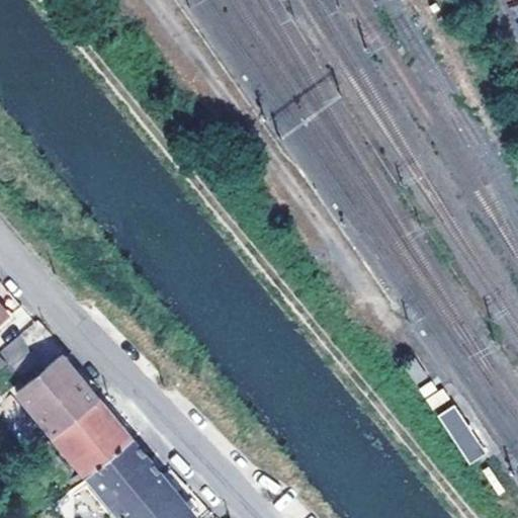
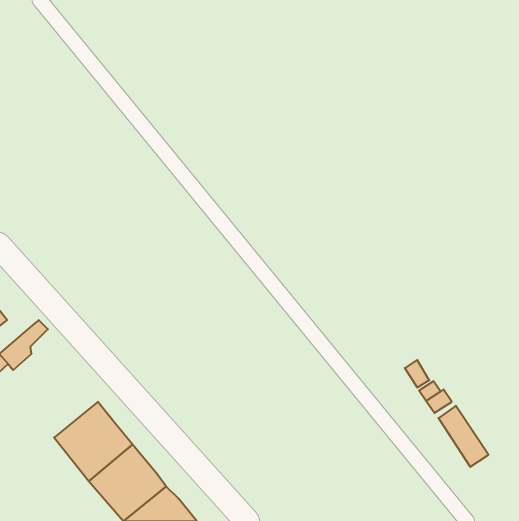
building: [18,356,97,434] -> none

